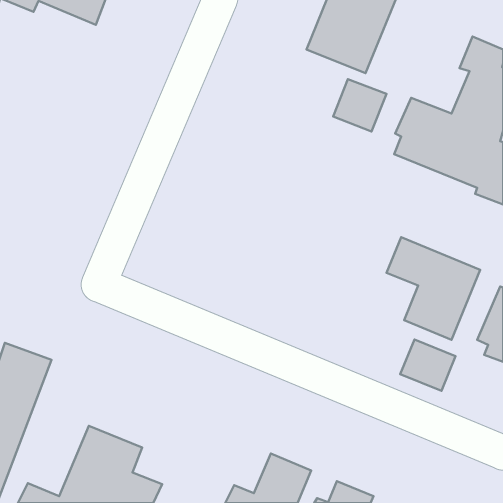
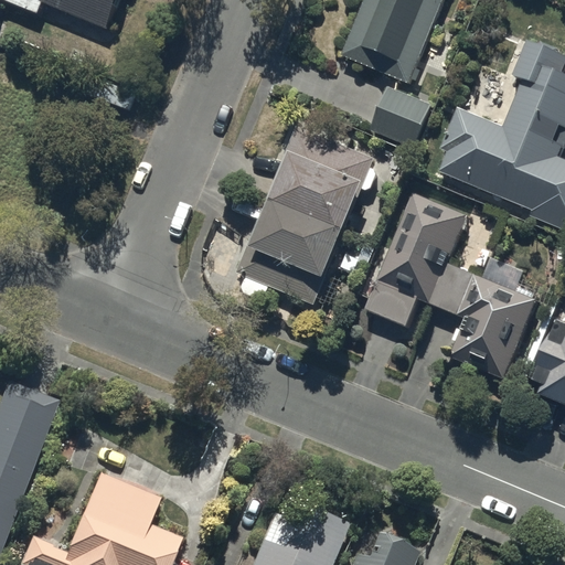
building: none -> [238,128,374,305]
building: none -> [366,194,468,327]
building: [400,340,456,391] -> none

